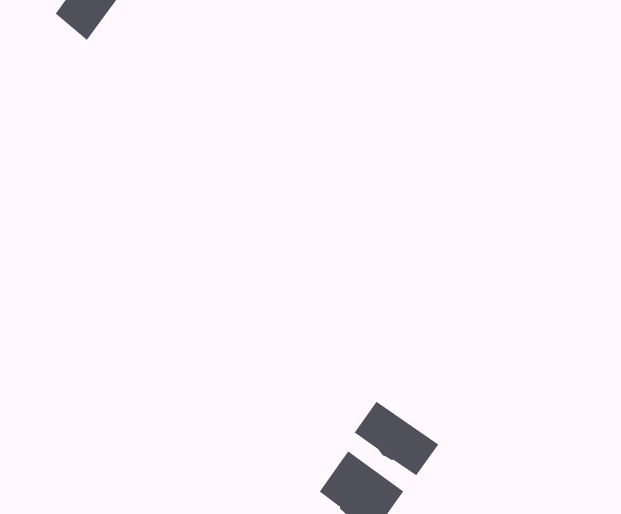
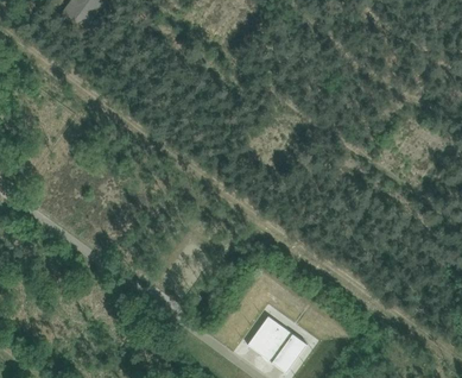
building: [354,401,439,476] -> none

